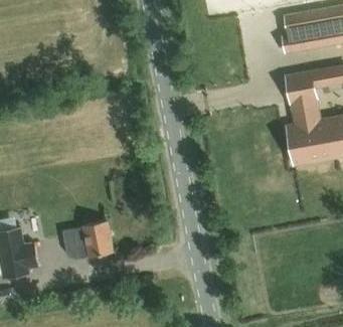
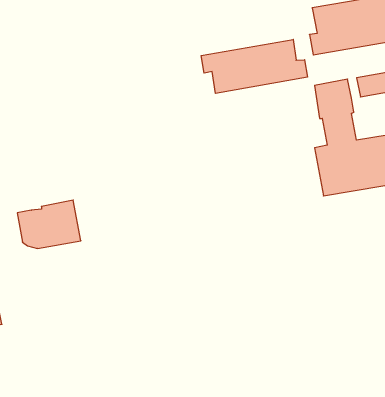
building: none -> [201,39,307,93]
building: [62,220,113,259] -> [17,200,81,248]

